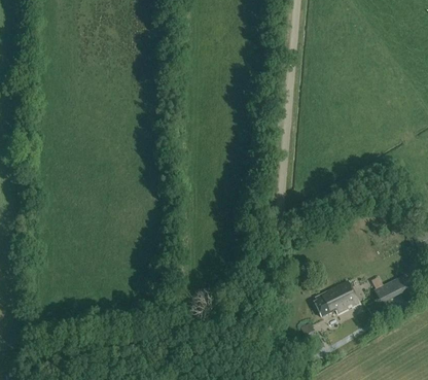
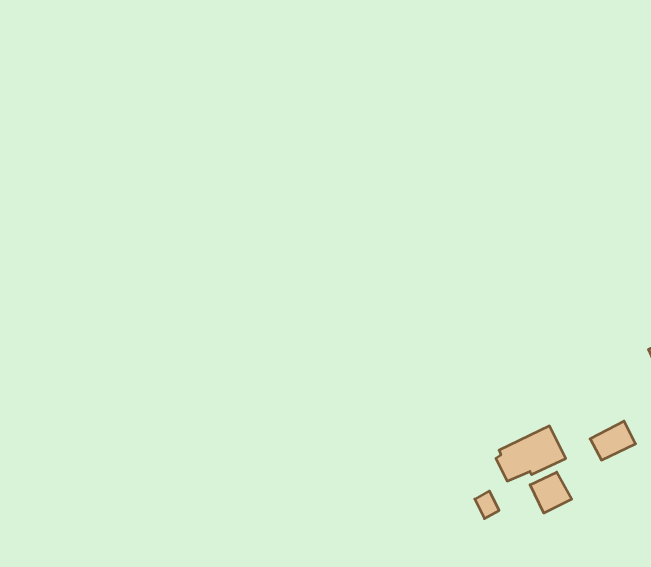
building: none -> [530,472,572,513]

